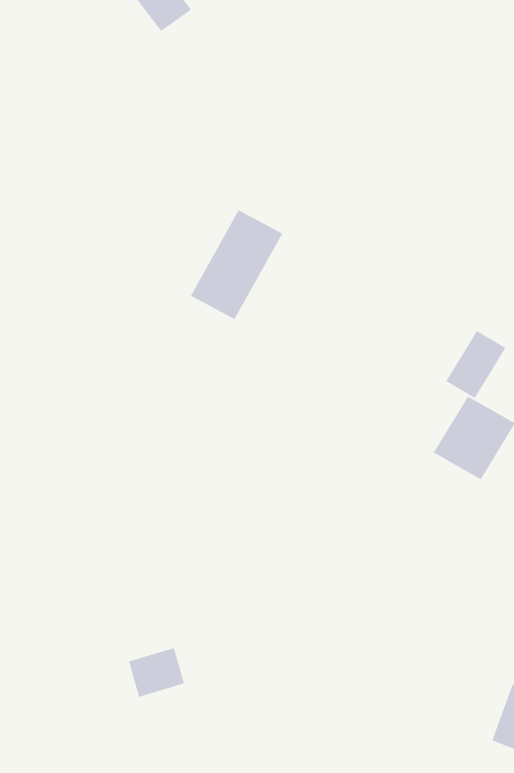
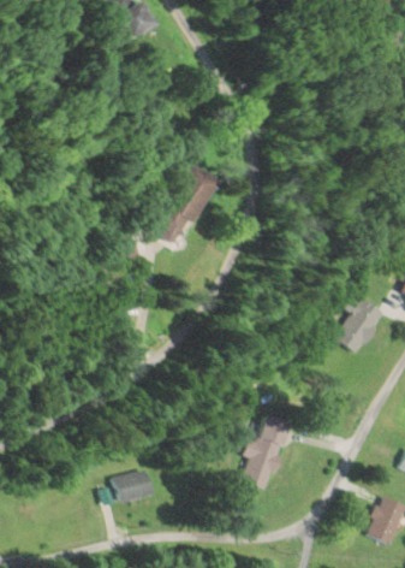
building: [446,330,506,399] -> none
building: none -> [243,416,290,490]

